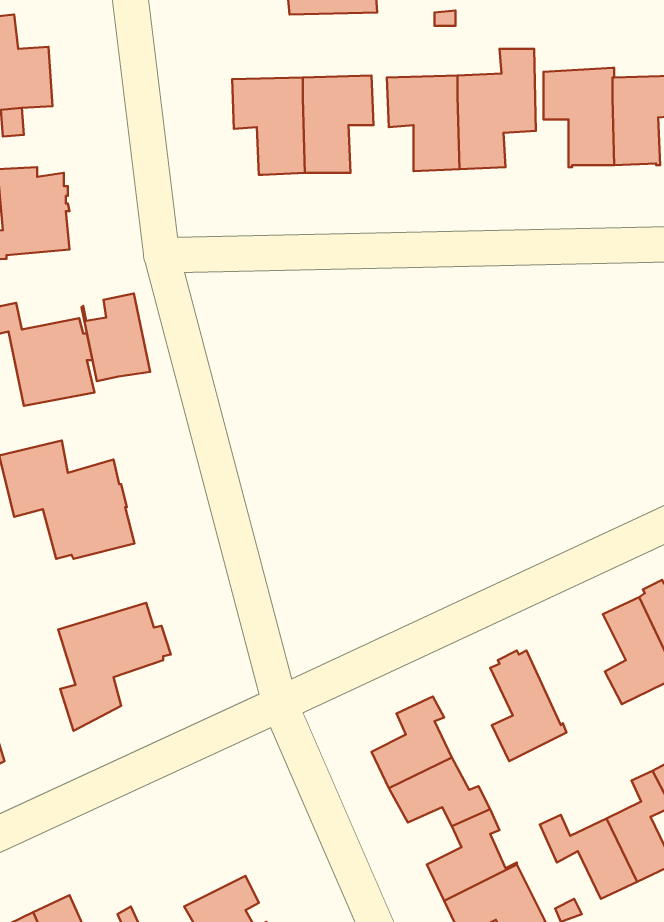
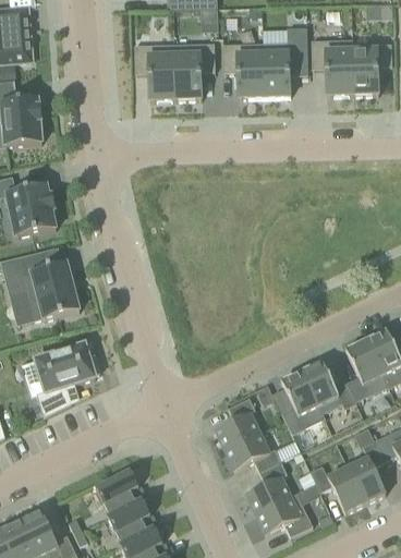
building: [82,293,150,381] -> none
building: none -> [302,362,356,414]
building: none -> [95,471,142,518]

